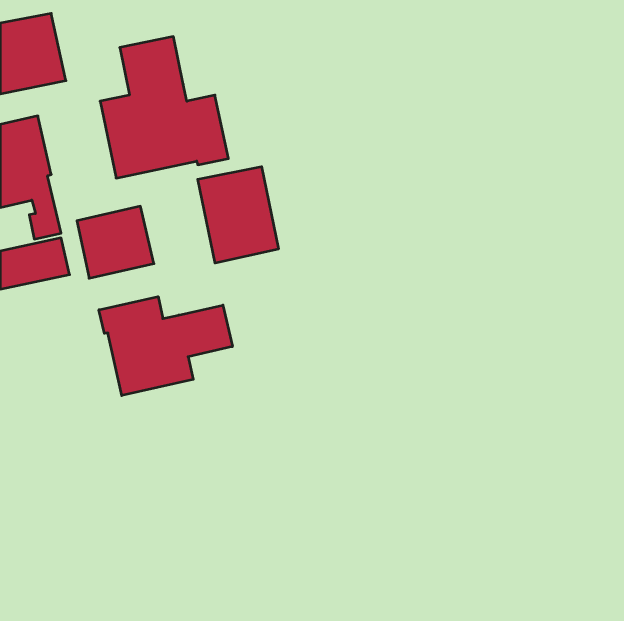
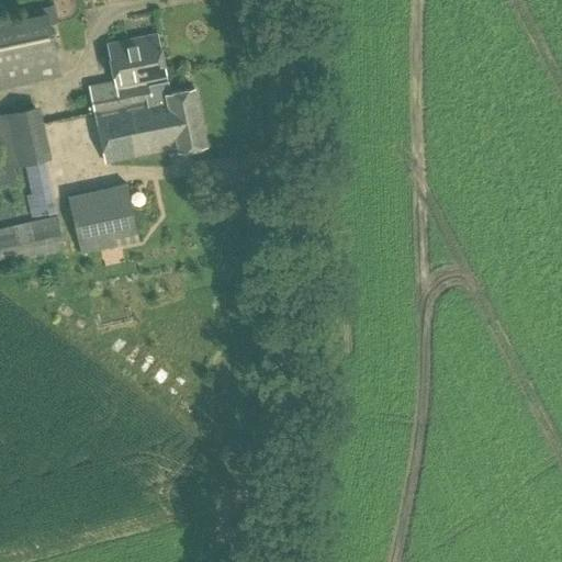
building: [198,167,278,263] -> none
building: [99,297,232,396] -> none

